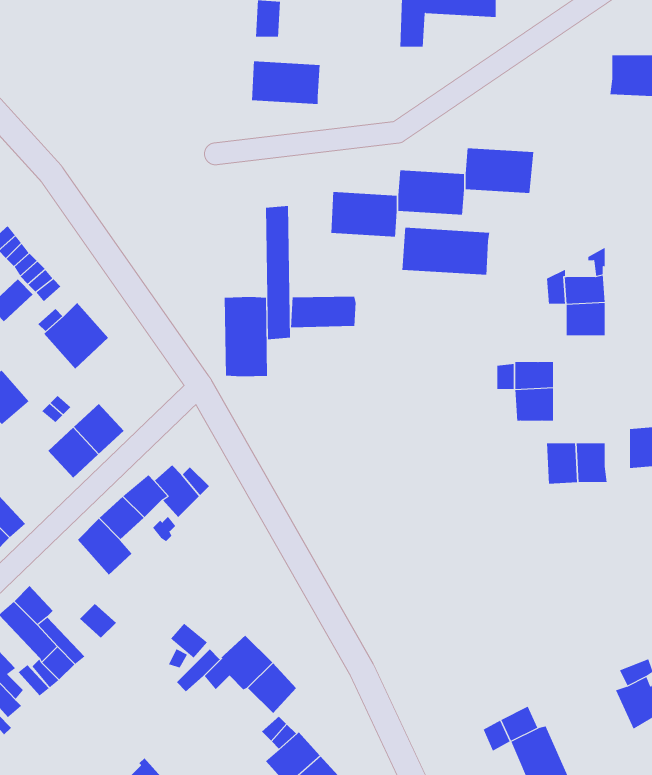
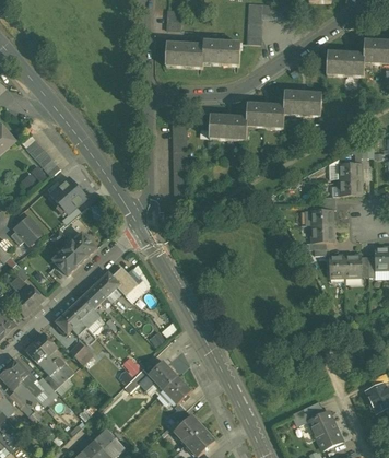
building: none -> [202,42,239,66]
building: none -> [326,51,364,77]
building: [402,227,490,276] -> none
building: [291,296,356,328] -> none
building: [224,296,268,377] -> none
building: none -> [55,308,86,336]

